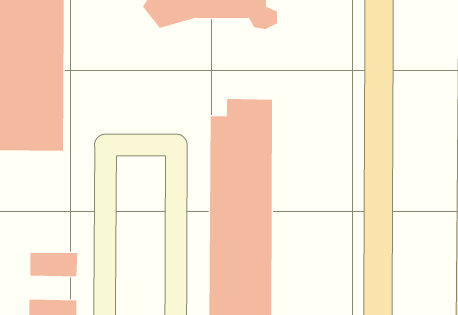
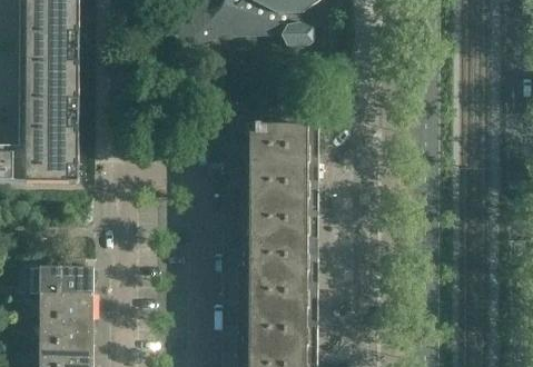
building: none -> [41,265,95,291]
building: none -> [40,317,93,344]

